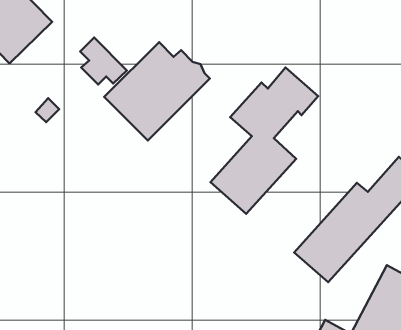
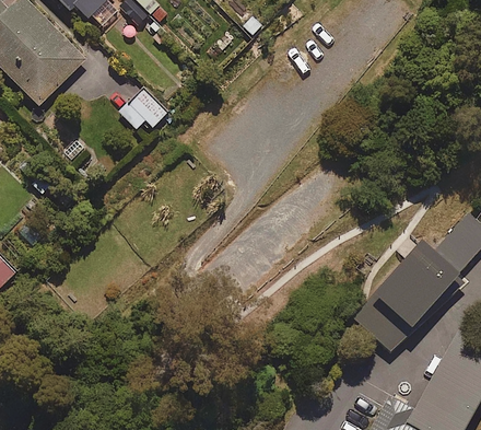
building: [104,42,210,141] -> none
building: [210,67,318,214] -> none

